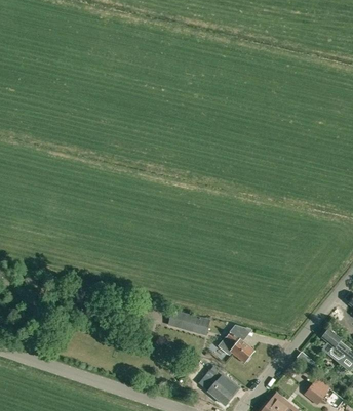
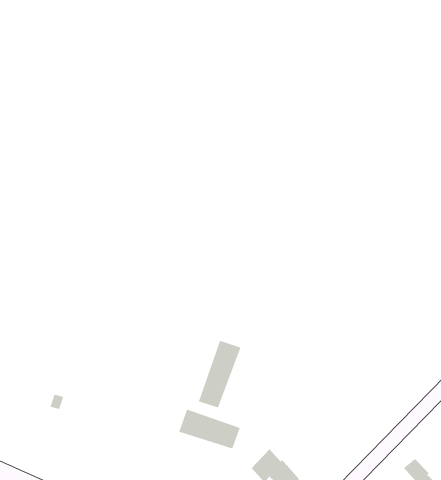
building: none -> [198,340,241,408]

